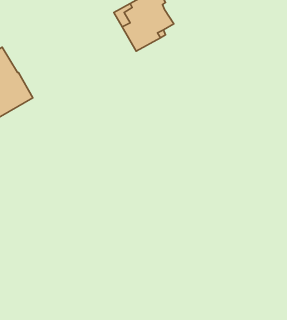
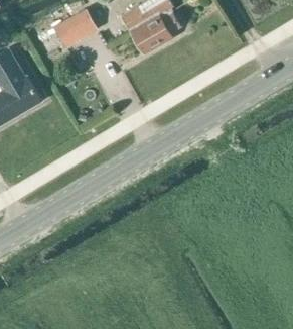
building: none -> [52,9,97,48]

